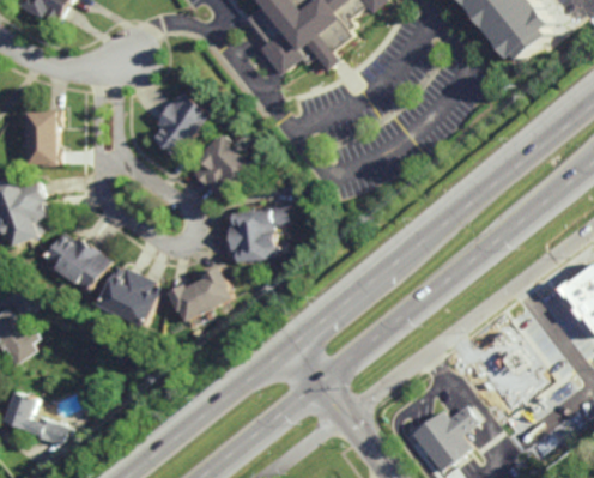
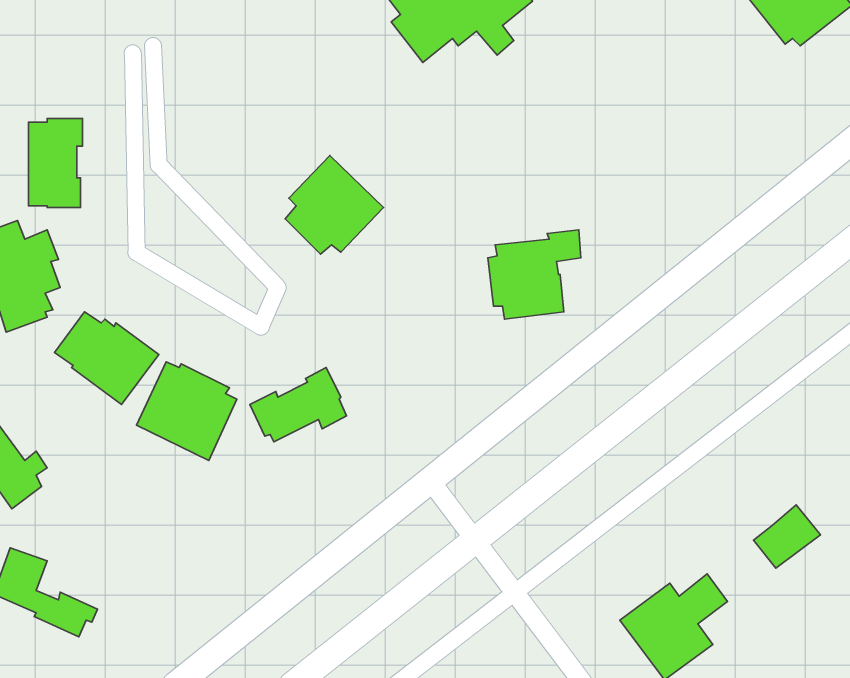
building: [150,92,208,157] -> none
building: [225,206,285,264] -> [488,230,581,319]

